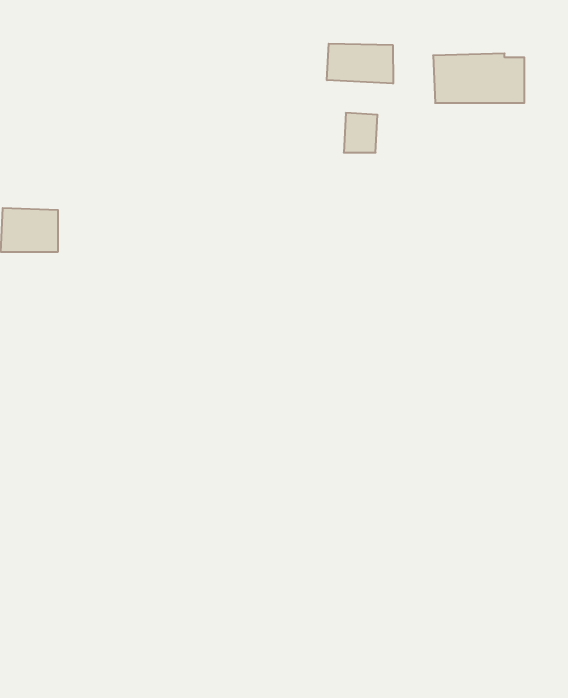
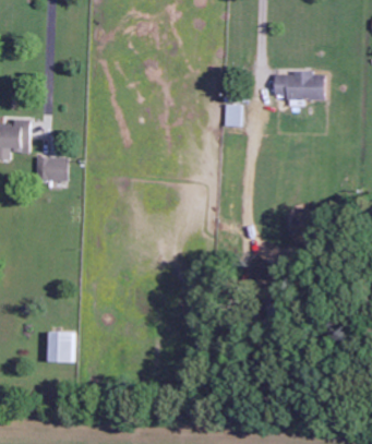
building: [327,44,393,84] -> none
building: none -> [48,332,74,362]

